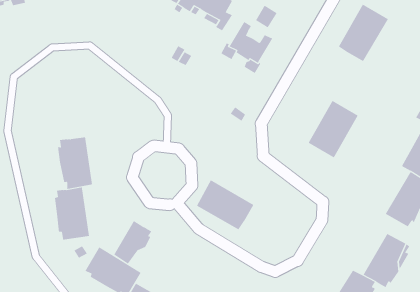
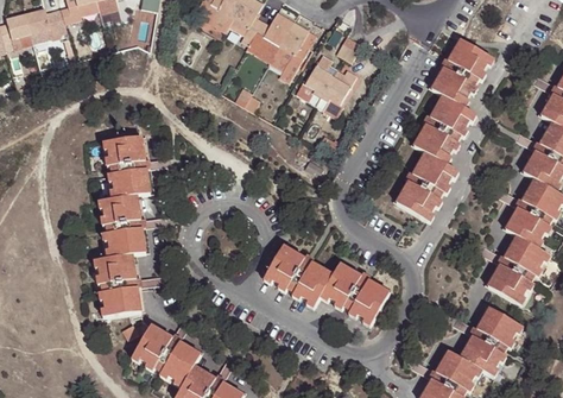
building: none -> [415,95,474,162]
building: none -> [109,134,151,196]
building: none -> [323,261,390,321]
building: [113,220,152,264] -> none

